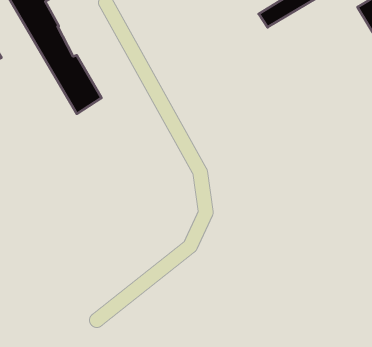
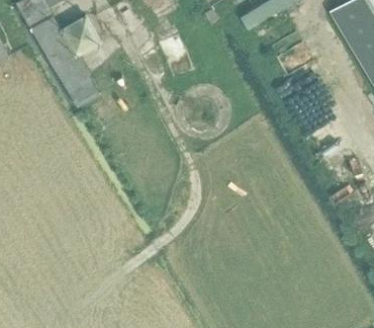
building: none -> [60,14,101,56]

